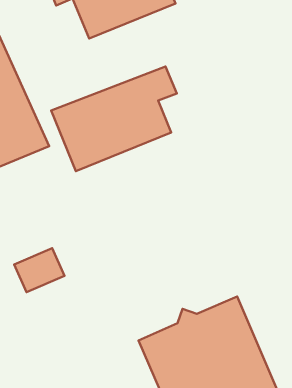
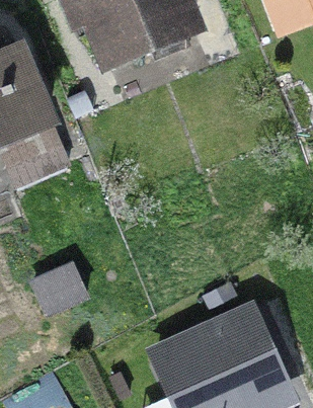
building: [51,67,177,171] -> none

